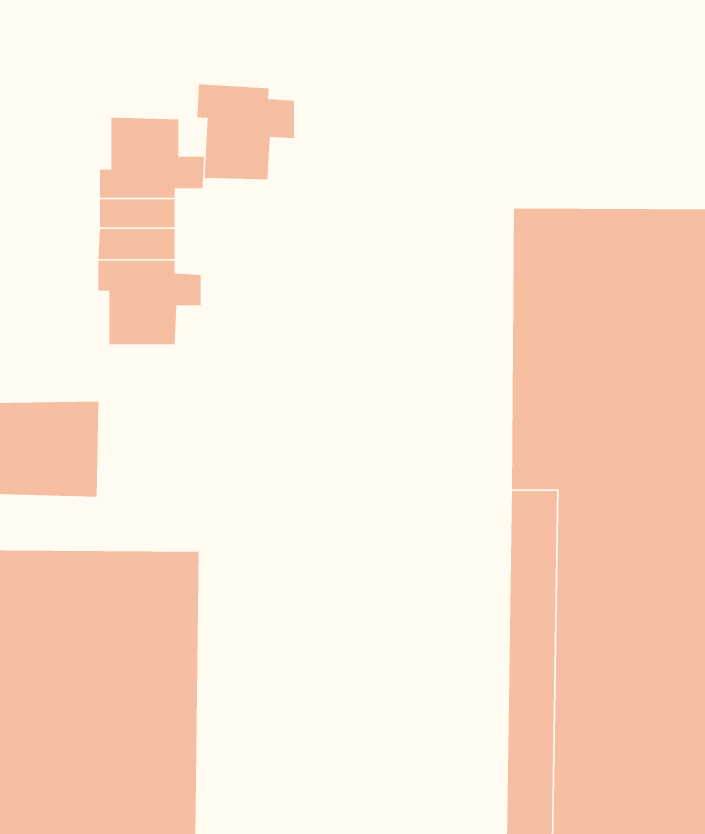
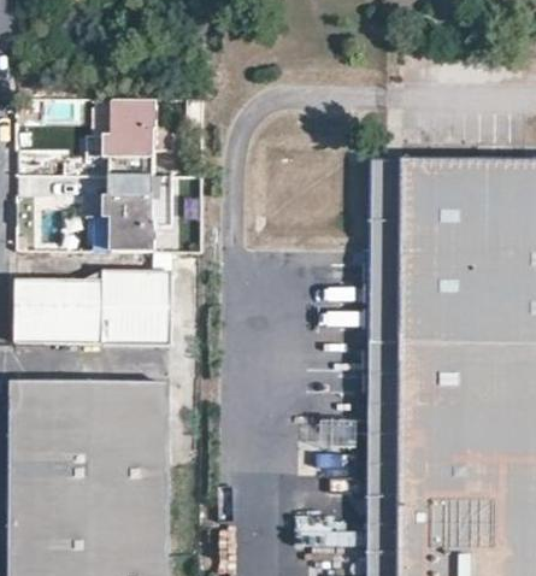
building: [196,84,295,180] -> none
building: none -> [102,276,170,345]

